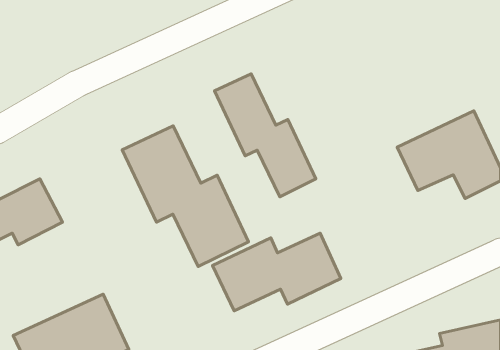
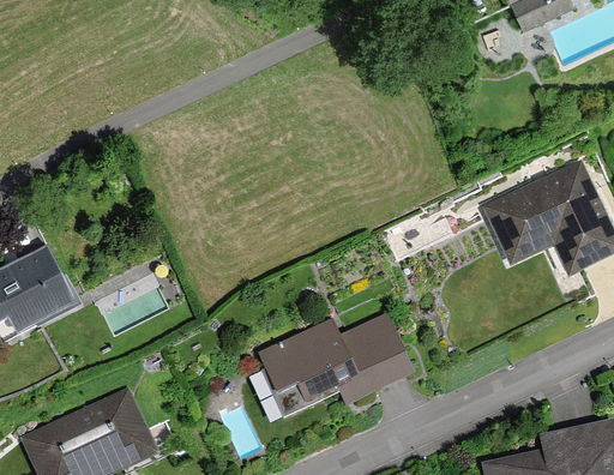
building: [214,74,316,197] -> none
building: [122,126,248,267] -> none

